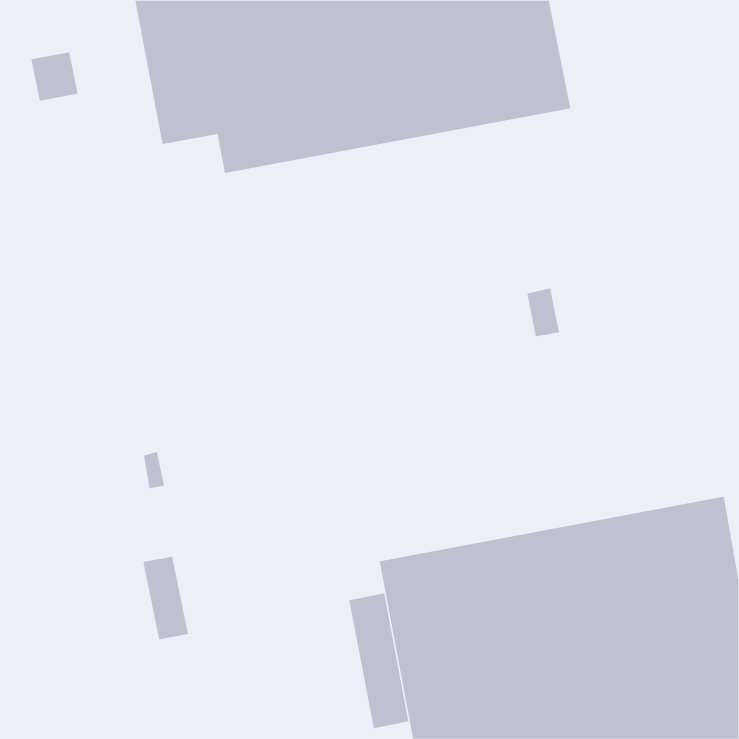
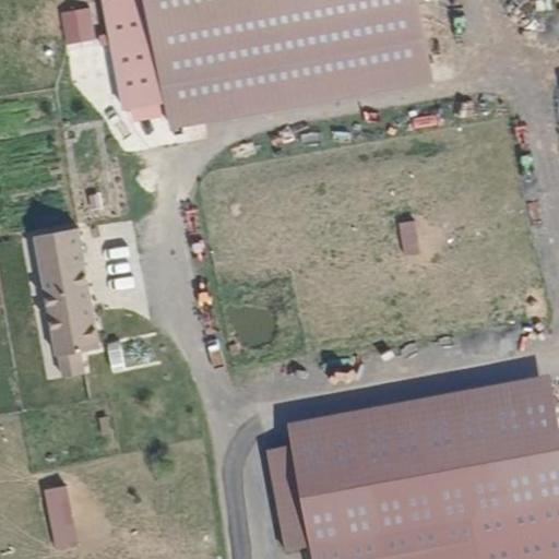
building: [31,52,78,101] -> [60,7,96,44]
building: none -> [33,230,98,380]
building: [143,556,189,640] -> [44,486,79,549]

